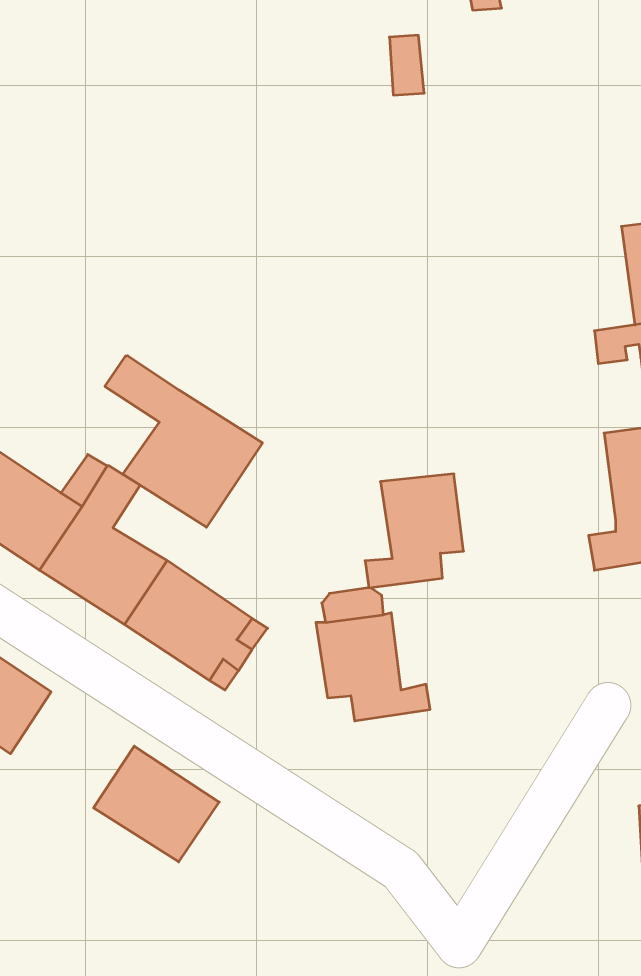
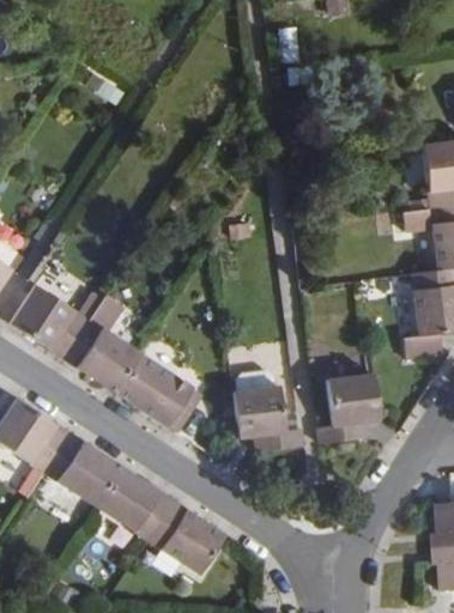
building: [105,356,262,527] -> none
building: [365,474,464,588] -> [316,372,377,443]
building: none -> [44,433,121,505]
building: none -> [149,502,226,573]

